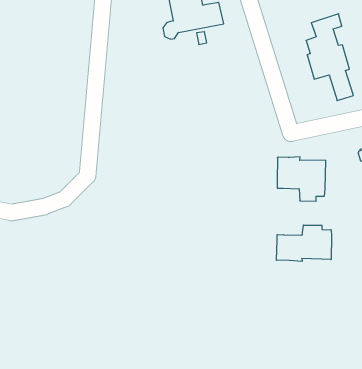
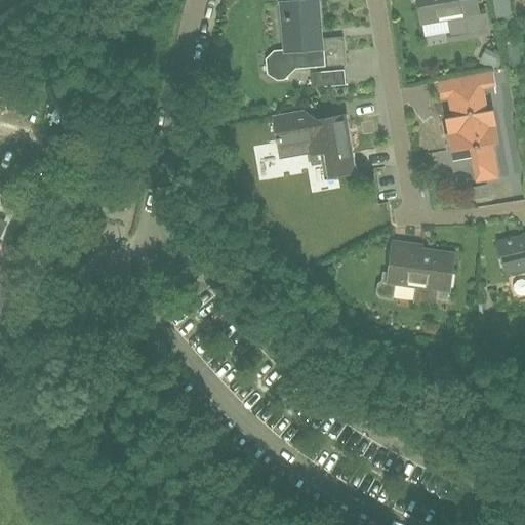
building: none -> [271,110,354,177]
building: [276,225,332,261] -> none

